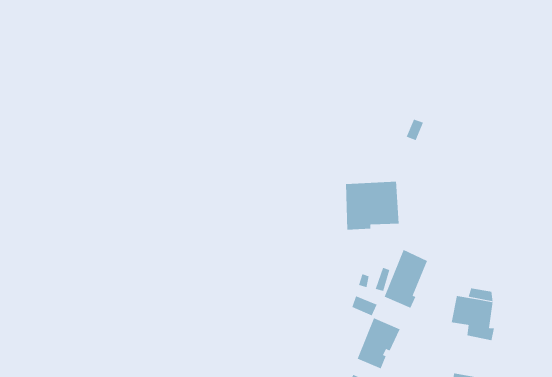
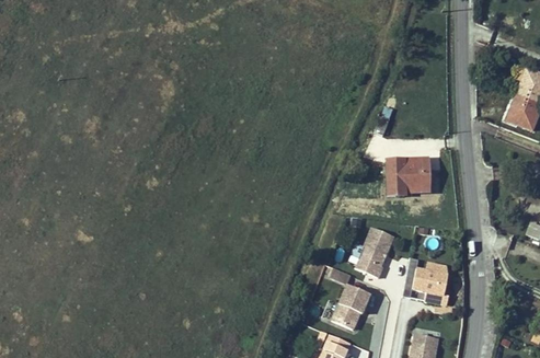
building: [345,181,400,230] -> [387,155,433,197]

